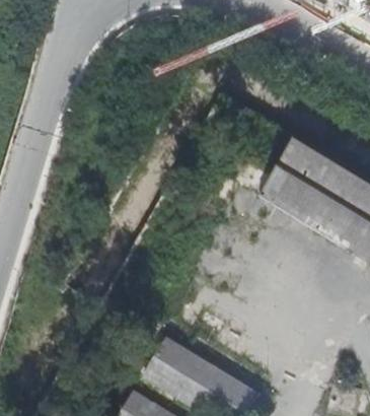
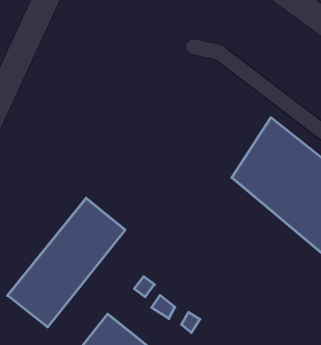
building: none -> [7,198,125,327]

